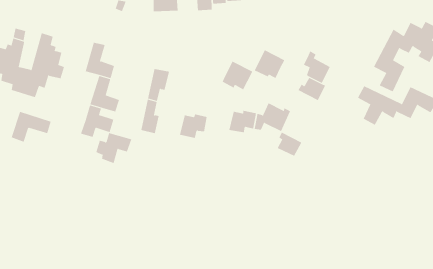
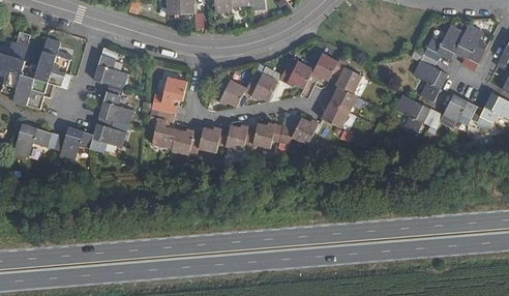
building: none -> [308,52,337,81]
building: none -> [211,78,245,106]
building: none -> [224,122,255,148]
building: none -> [170,127,201,153]
building: [277,132,302,157] -> [321,99,349,126]
building: [95,132,132,164] -> [53,125,93,159]

